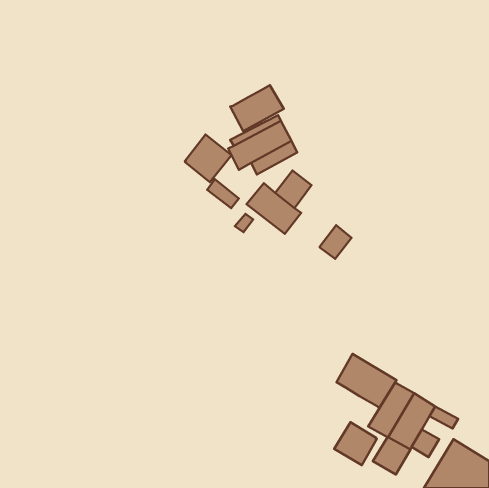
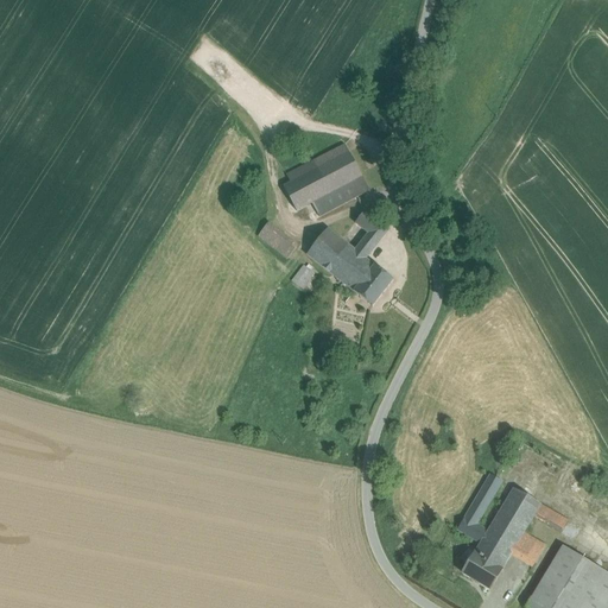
building: [230,85,284,131] -> none
building: [185,134,231,182] -> none
building: [320,225,351,259] -> [353,264,392,305]
building: [336,354,396,408] -> none
building: [334,422,377,465] -> none

